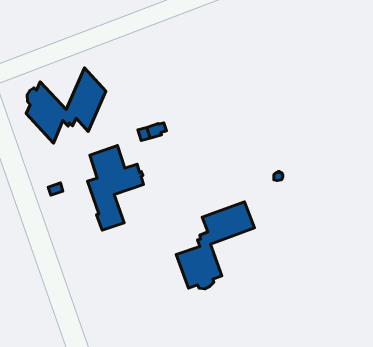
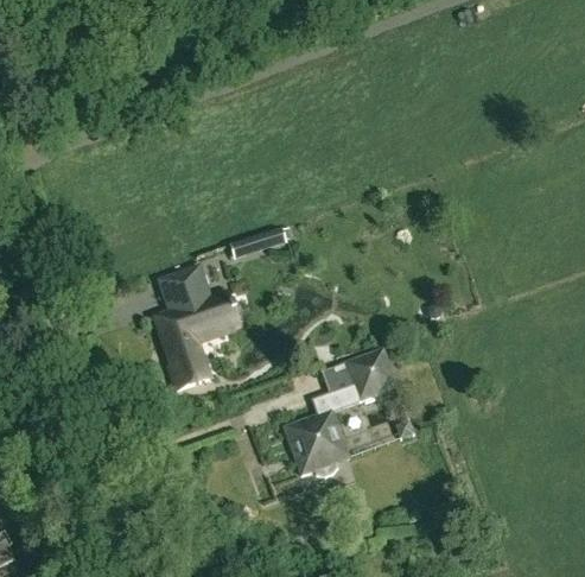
building: [26,68,106,143] -> none

